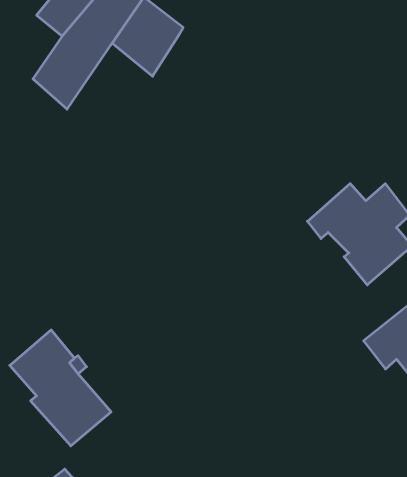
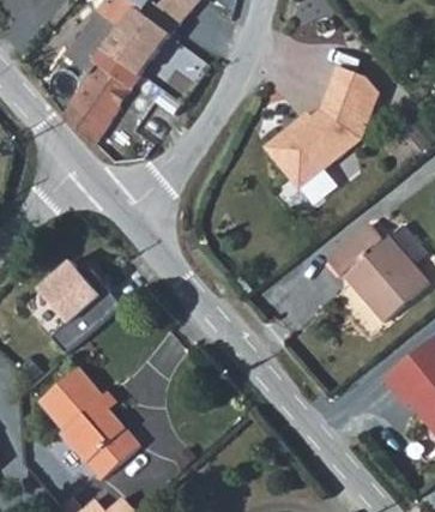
building: none -> [262,64,376,187]
building: none -> [42,260,122,359]

